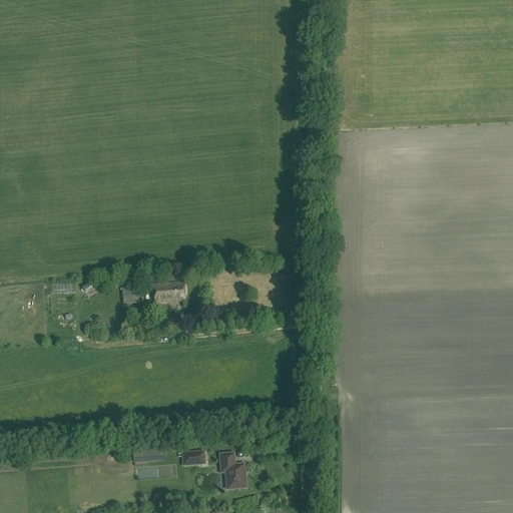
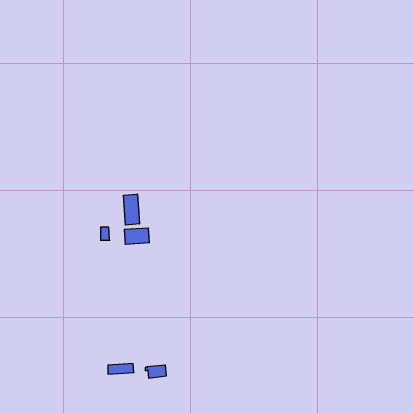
building: none -> [124,194,139,225]
building: [219,452,245,488] -> none

